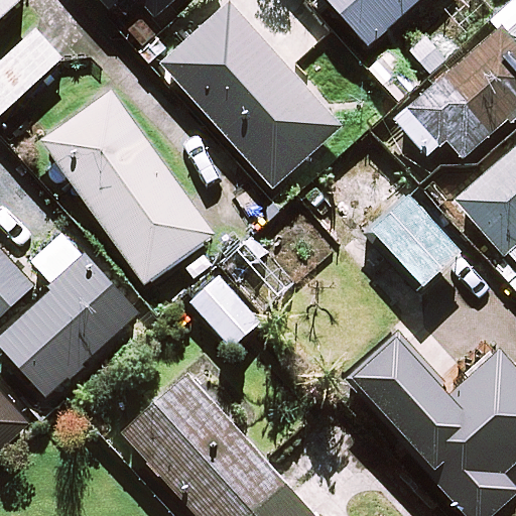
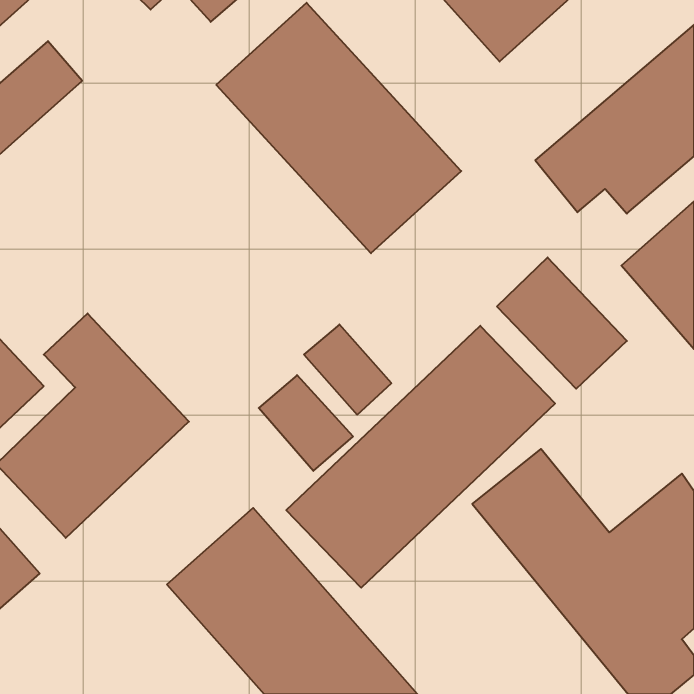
building: [43,93,212,282] -> none
building: none -> [286,326,555,588]

